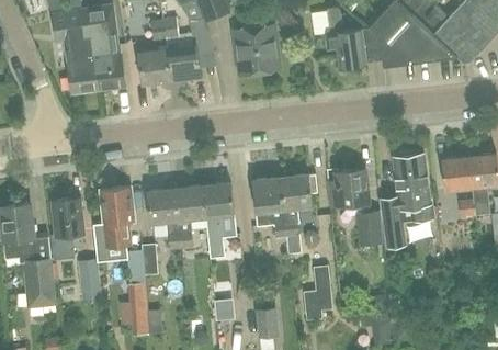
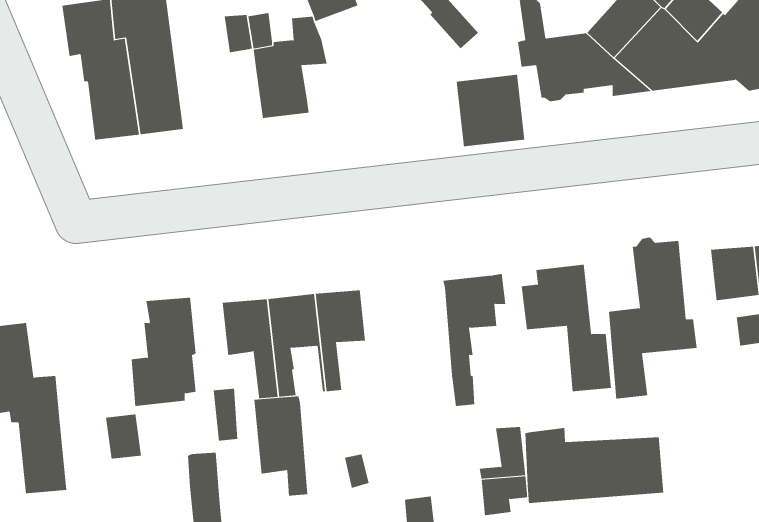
building: [236,27,278,71] -> [456,74,525,147]
building: [138,48,172,84] -> none
building: [253,178,286,238] -> [254,396,308,496]
building: [50,199,83,259] -> none
building: none -> [525,427,664,504]

